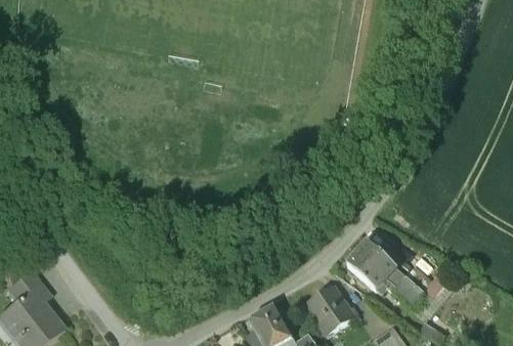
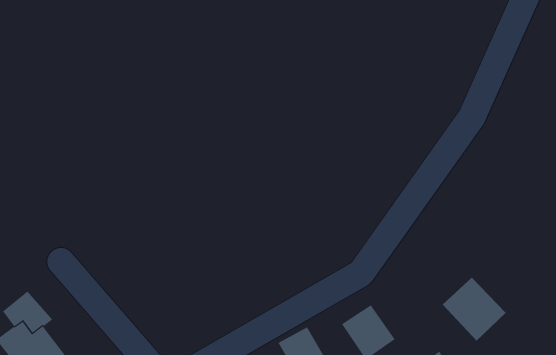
building: [348,241,396,288] -> none

